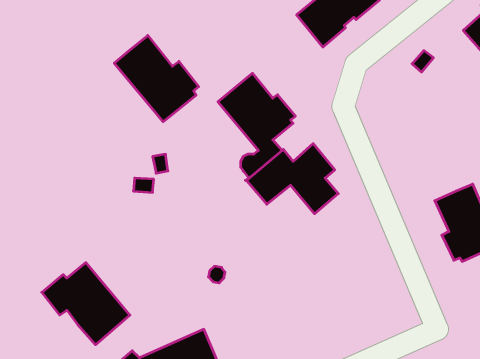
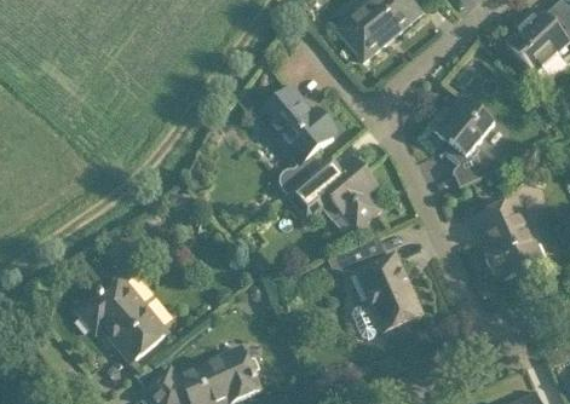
building: [114,35,199,122] -> none
building: none -> [433,96,505,186]
building: none -> [326,233,422,337]

